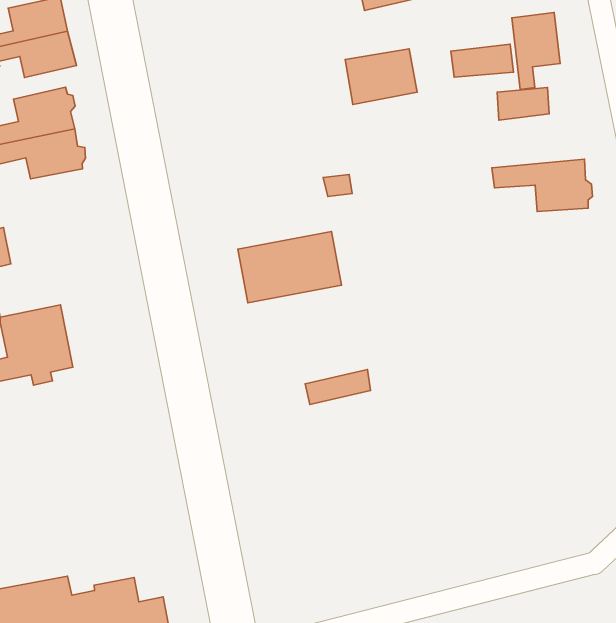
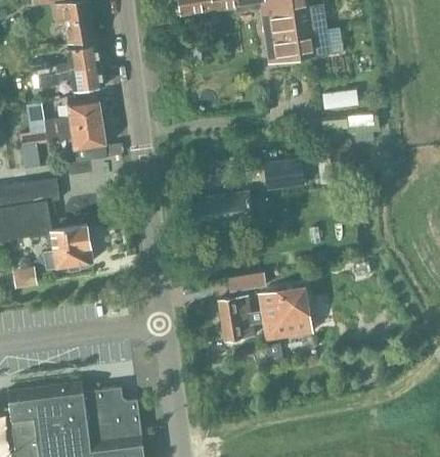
building: [512,12,560,89] -> none
building: [345,49,417,105] -> [263,158,304,189]
building: [492,159,592,212] -> none
building: none -> [218,285,312,340]

